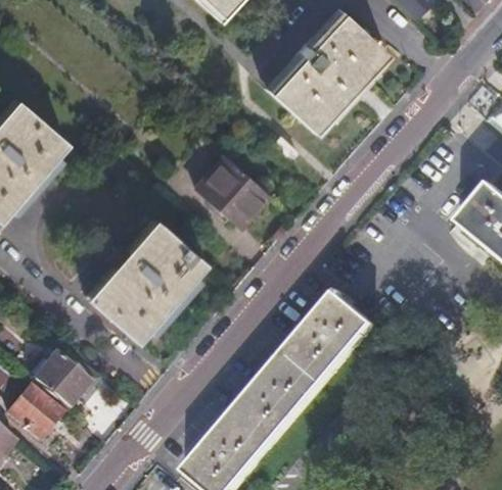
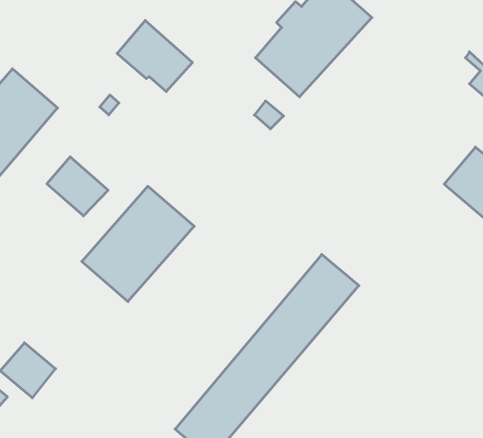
building: [194,154,271,227] -> [117,20,192,92]
building: none -> [47,157,108,216]
building: [30,353,100,407] -> none

